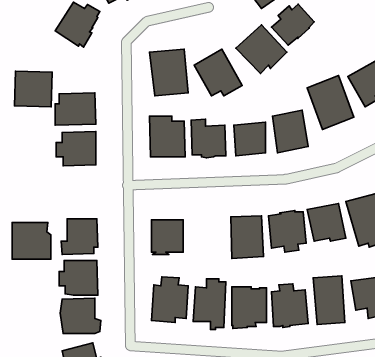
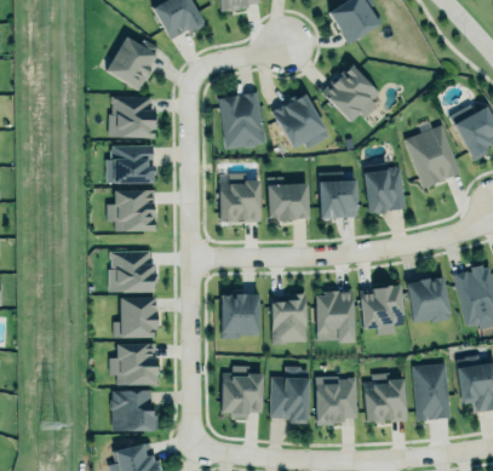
building: [271,4,314,45] -> none
building: [14,71,52,107] -> [109,96,154,138]
building: none -> [271,294,306,345]
building: [12,223,51,259] -> [109,251,155,294]

